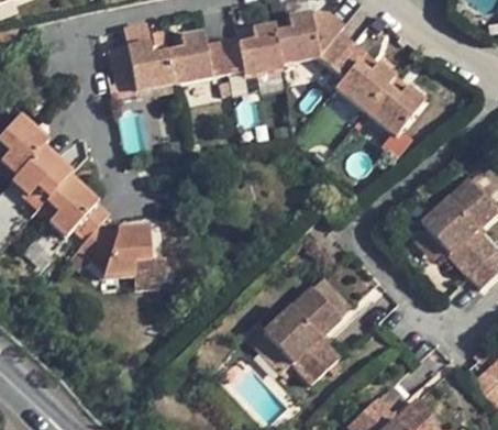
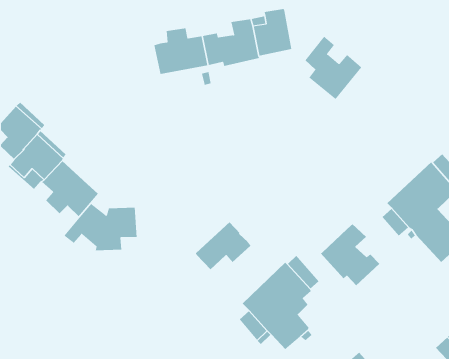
building: [311,11,353,68] -> none
building: [110,23,175,90] -> none
building: [366,76,424,136] -> none
building: none -> [195,221,251,270]
building: none -> [320,224,380,286]

